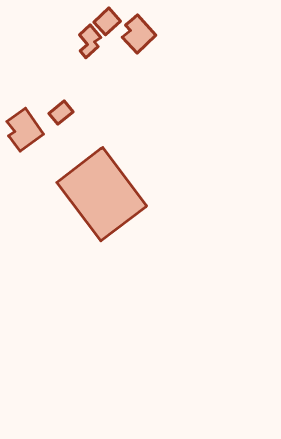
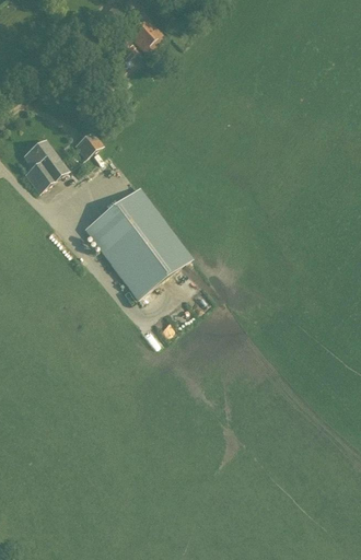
building: [122,15,156,53] -> none

